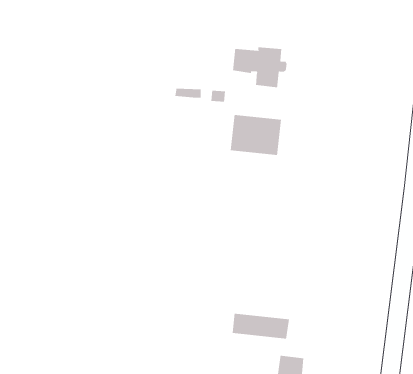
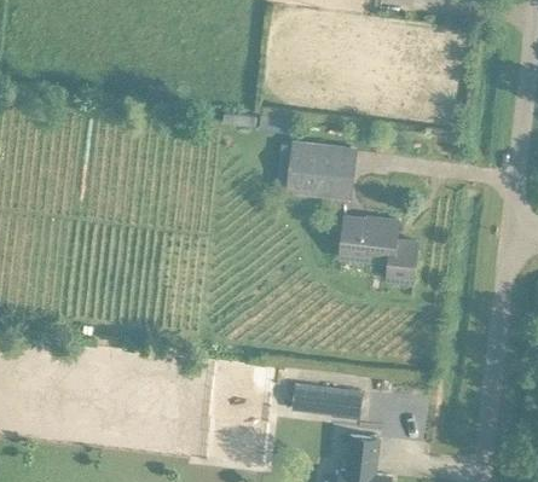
building: [232,46,287,88] -> none
building: none -> [340,215,417,281]

